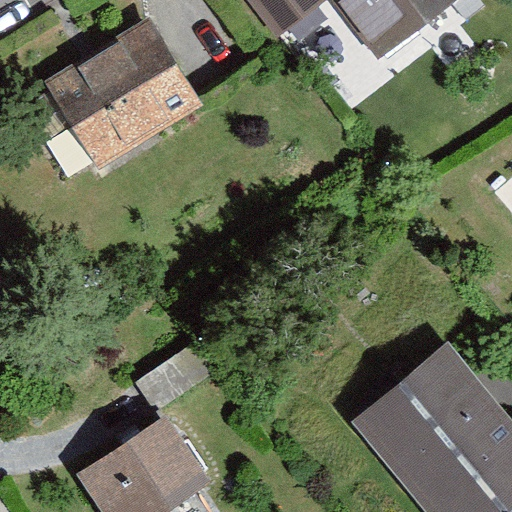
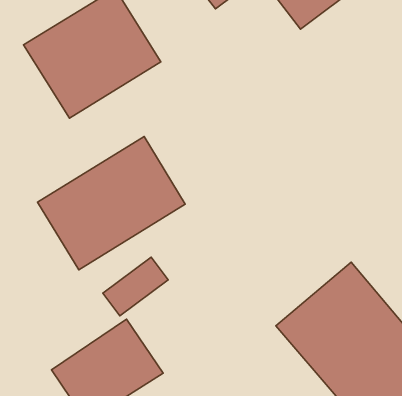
building: none -> [38,137,185,270]

